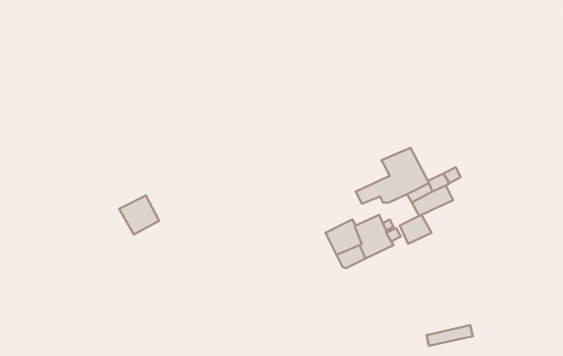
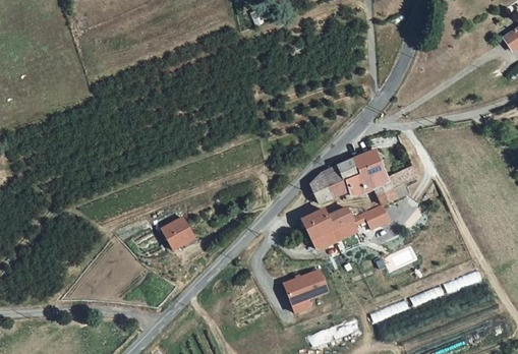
building: none -> [308,159,356,202]
building: [119,195,159,234] -> [156,212,189,244]
building: none -> [280,265,324,308]

